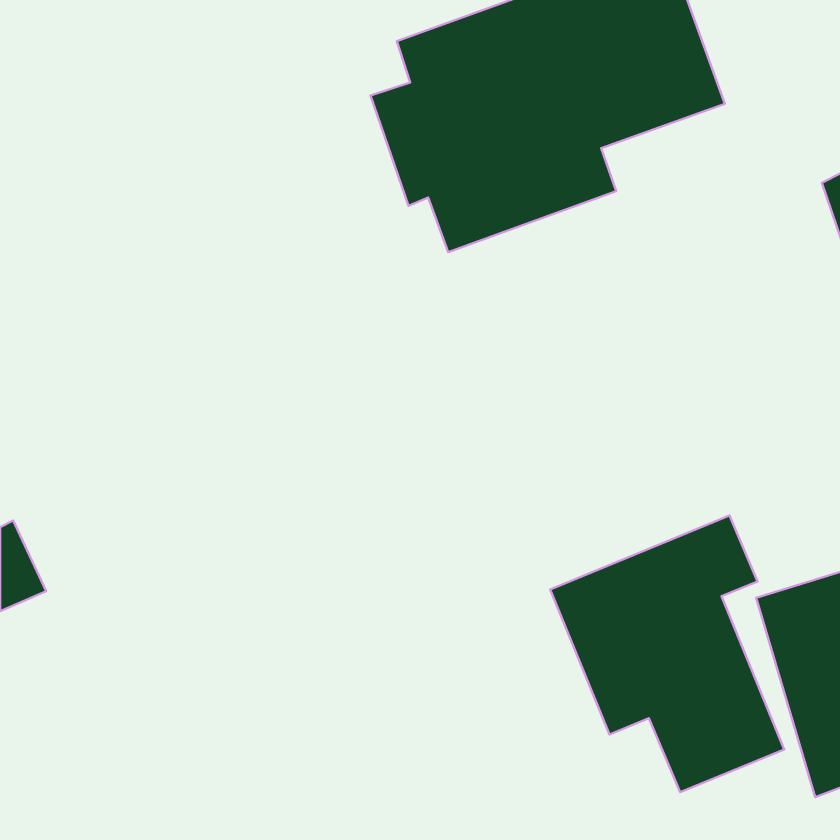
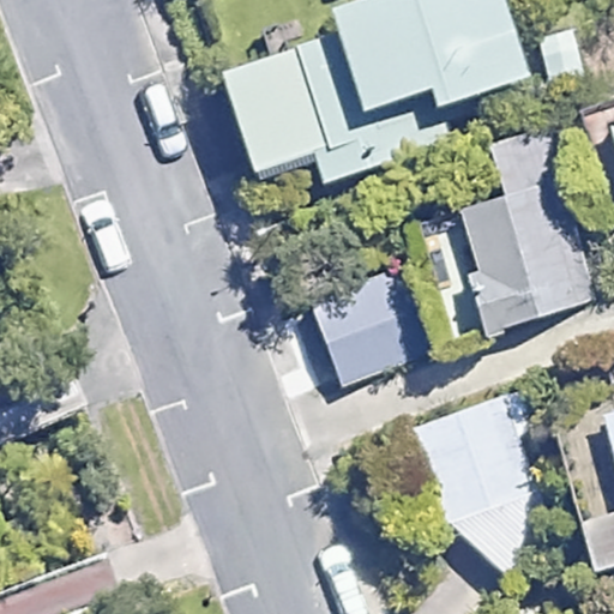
building: none -> [432,133,600,339]
building: none -> [306,266,432,387]

